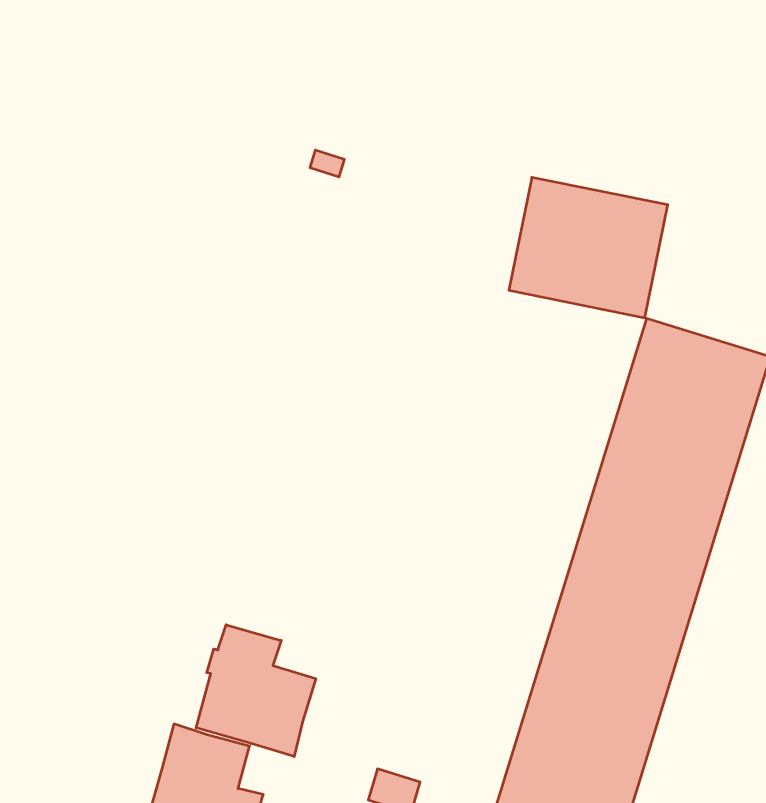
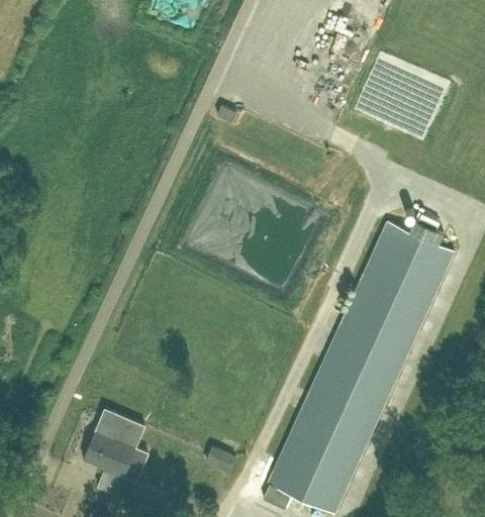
building: [509,177,668,318] -> [358,54,450,137]
building: [196,625,316,757] -> none

